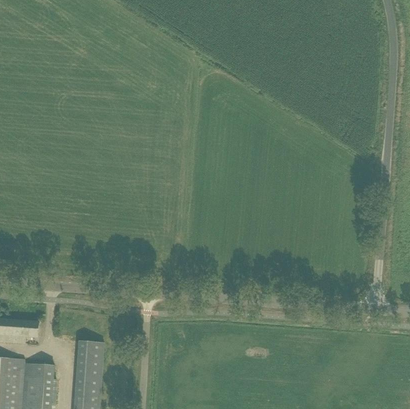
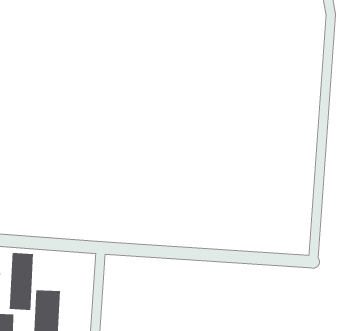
building: none -> [9,252,34,311]

